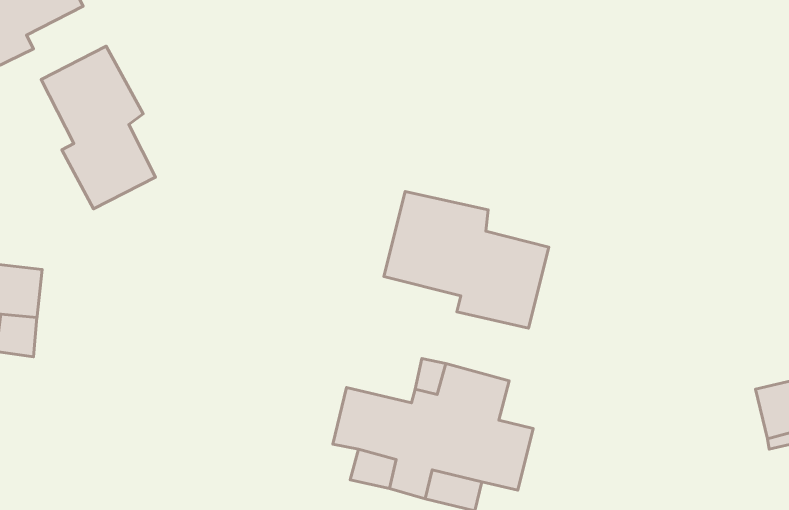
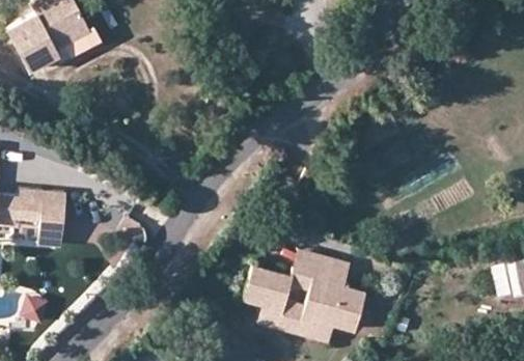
building: [41,46,155,209] -> none
building: [384,192,549,328] -> none

